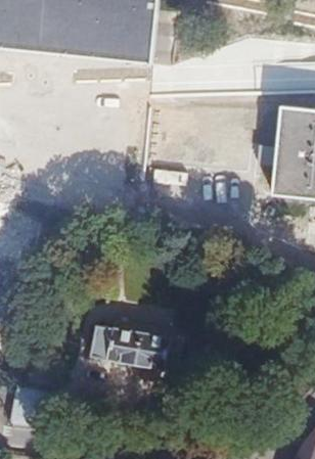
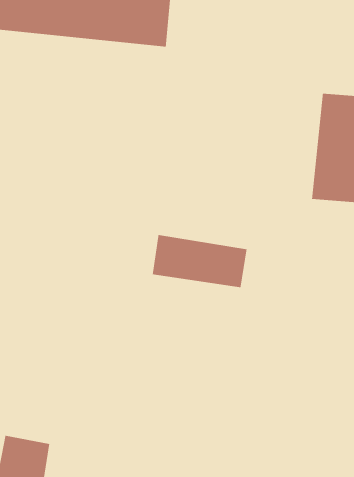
building: [90,322,170,367] -> [152,234,247,288]

